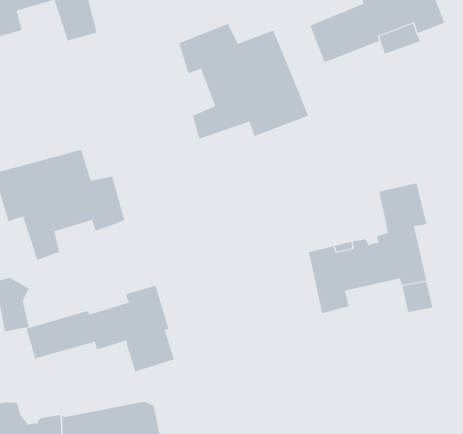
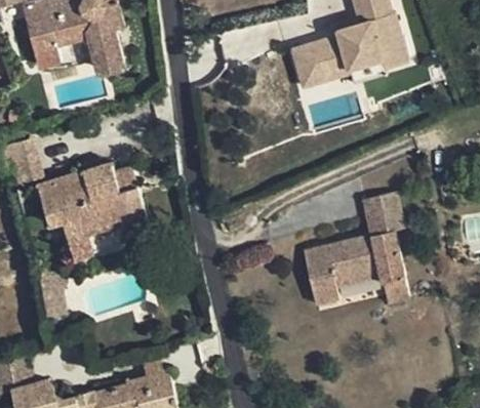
building: [179,23,309,139] -> none
building: [26,285,175,372] -> none

